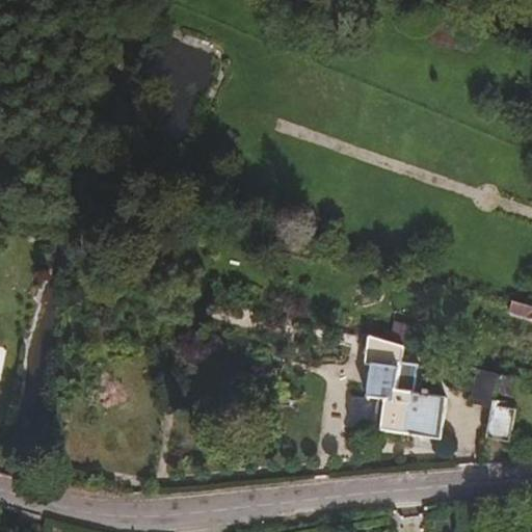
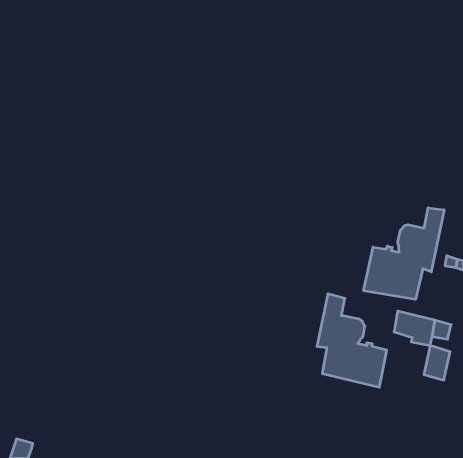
building: none -> [364,208,444,299]

